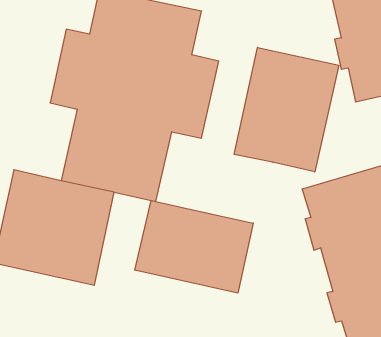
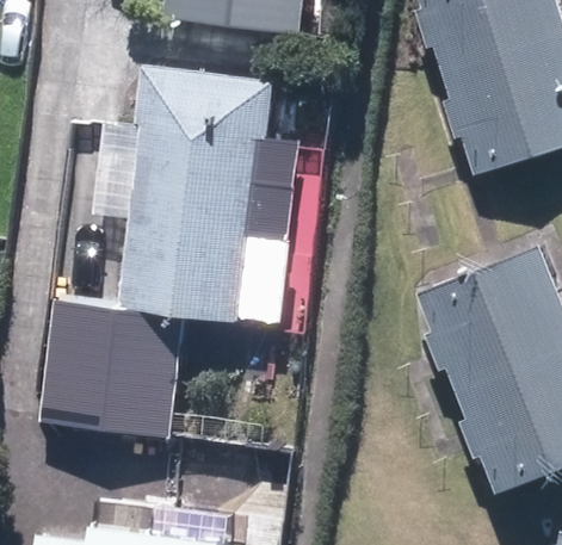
building: [234,47,339,172] -> none
building: [135,201,253,293] -> none

